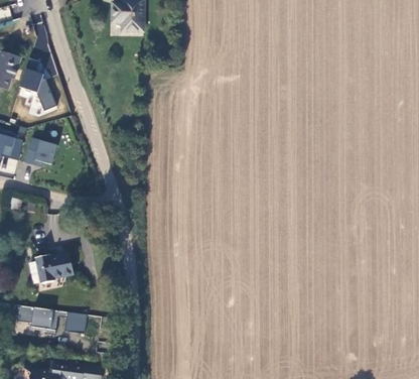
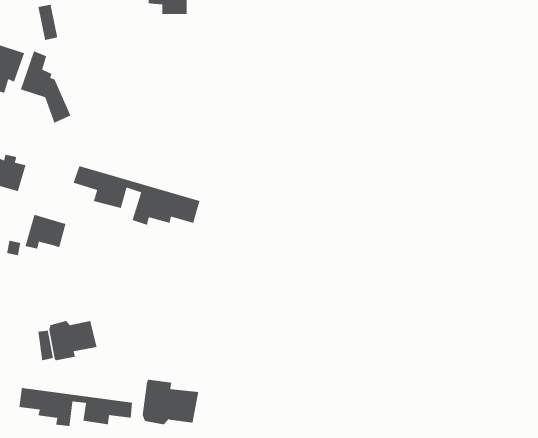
building: [25,139,56,165] -> [24,214,67,249]
building: none -> [72,165,201,226]
building: none -> [142,379,199,425]

